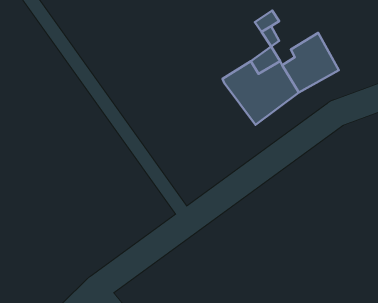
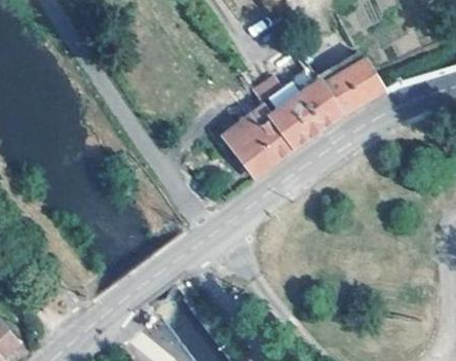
building: none -> [224,104,295,178]

